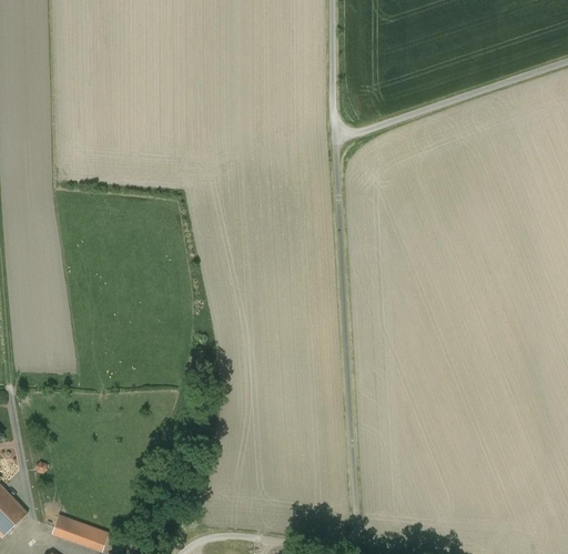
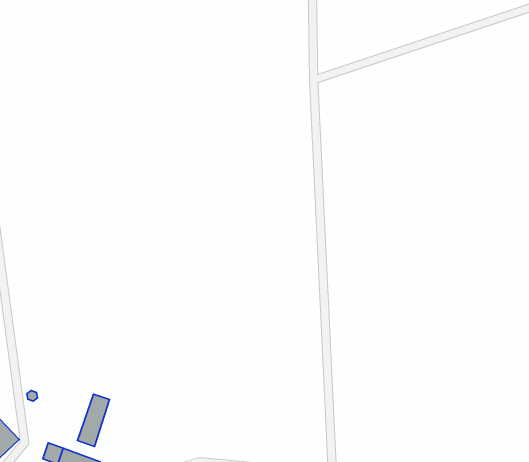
building: none -> [78,394,109,446]

